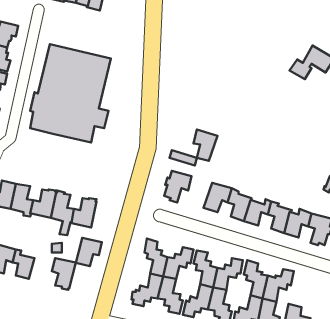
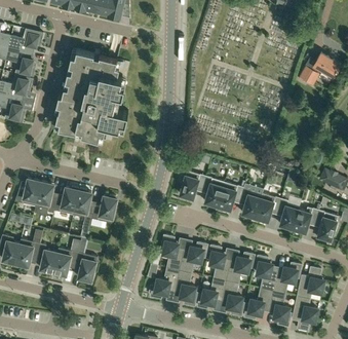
building: [194,129,218,161] -> [202,176,225,205]
building: [76,238,102,266] -> [52,249,77,275]
building: none -> [297,267,323,299]

